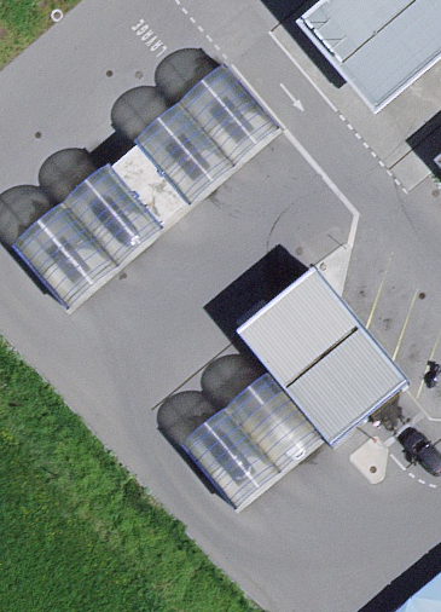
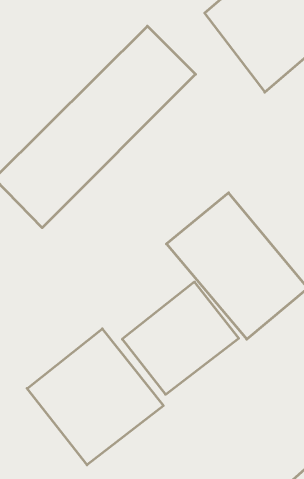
building: none -> [27,329,163,465]

